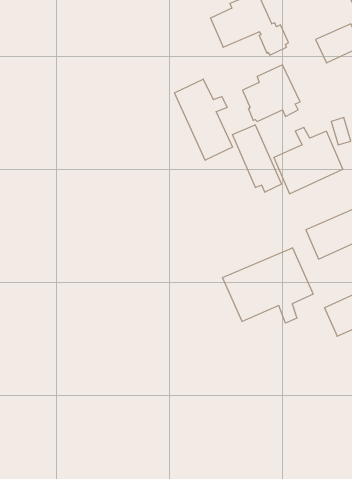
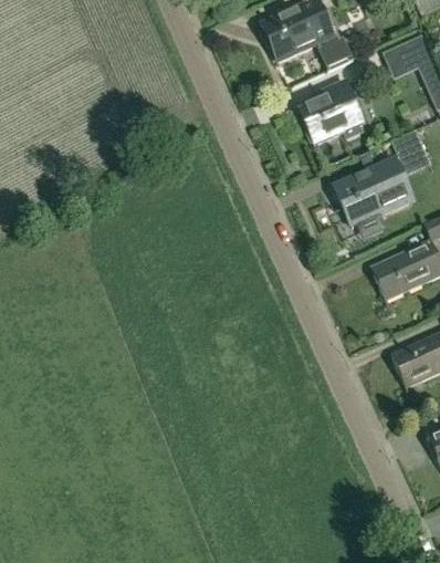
building: [175,79,232,160] -> none
building: [232,125,281,192] -> none
building: [222,248,313,323] -> none

